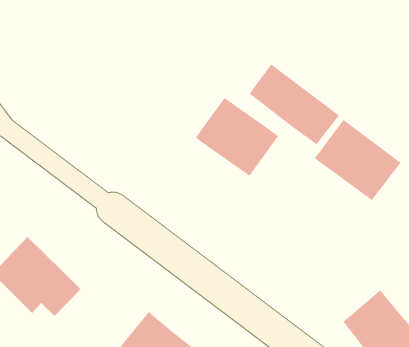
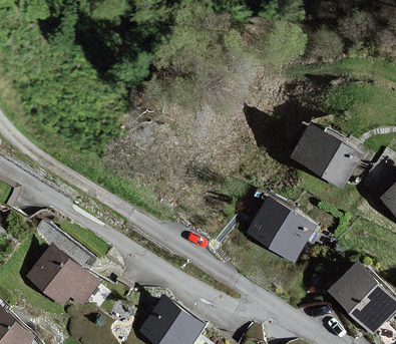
building: [249,64,340,145] -> none
building: [195,97,279,177] -> [244,198,315,263]

